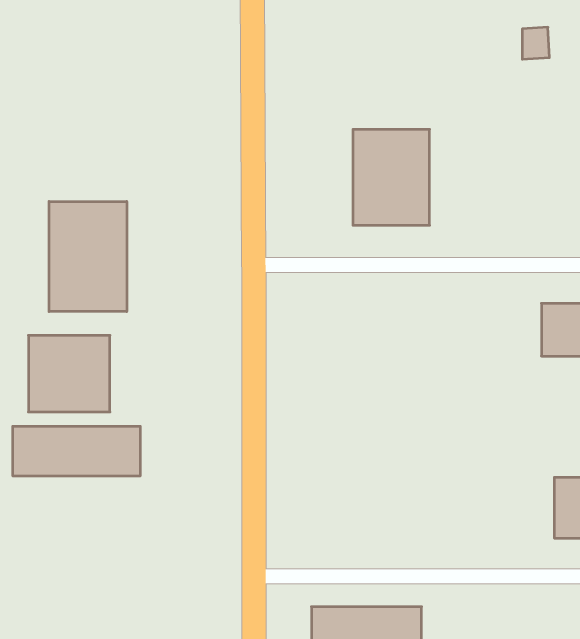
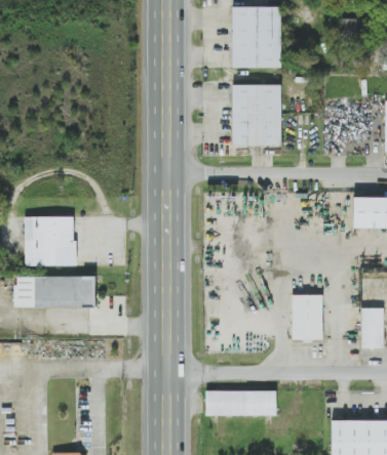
building: none -> [232,6,281,69]
building: [49,201,127,312] -> none
building: none -> [292,294,322,340]

